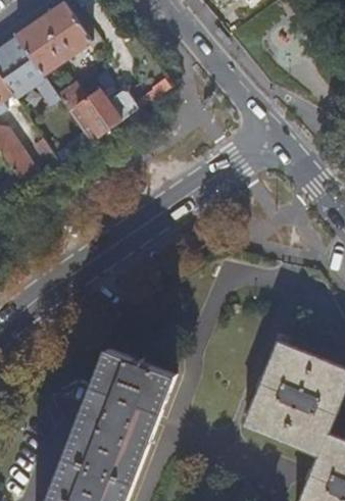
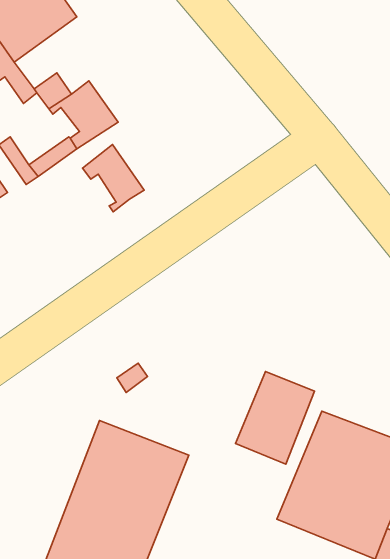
building: none -> [82,145,144,212]
building: none -> [235,371,315,464]

